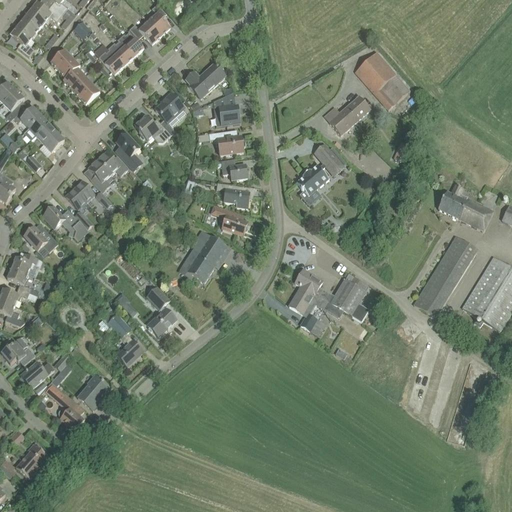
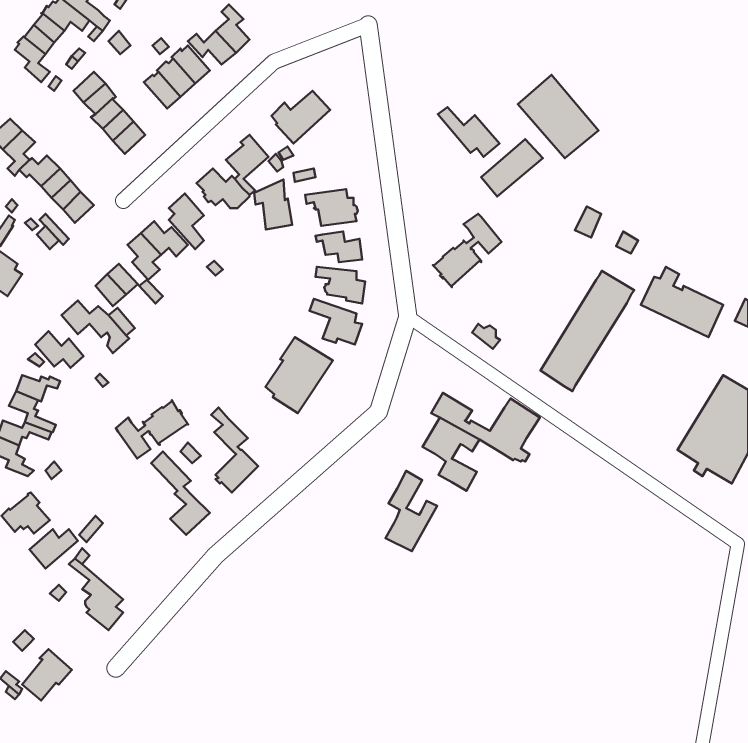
building: none -> [438,107,499,157]
building: [213,91,239,125] -> [254,180,292,229]
building: [413,235,477,317] -> [540,271,634,391]
building: none -> [116,400,188,458]
building: none -> [386,471,437,551]
building: [77,374,109,409] -> none

